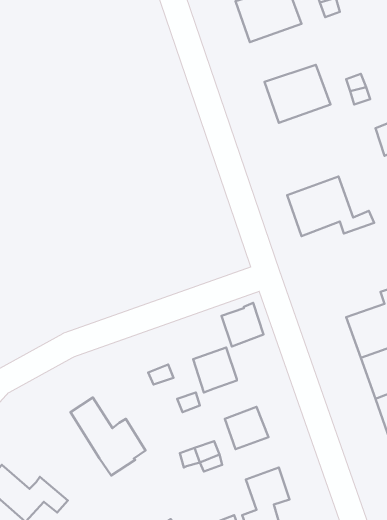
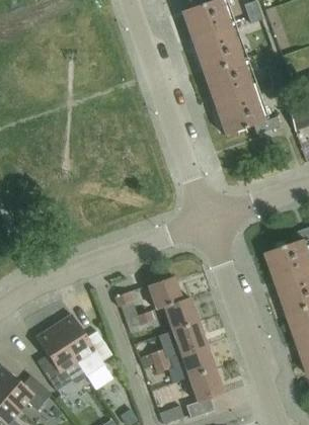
building: none -> [192,28,243,73]
building: [287,177,374,236] -> [215,90,282,136]
building: [221,303,264,346] -> [165,298,198,331]
building: none -> [36,326,86,391]
building: none -> [181,345,215,377]

